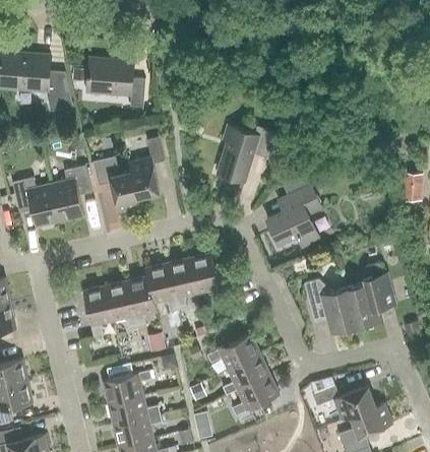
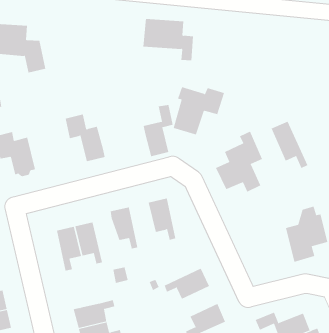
building: [86,59,145,108] -> [143,19,194,61]
building: [129,138,165,198] -> [143,105,174,157]
building: none -> [271,121,308,169]
building: [51,166,91,221] -> none
building: [168,259,197,311] -> none
building: [126,277,157,328] -> none
building: [304,280,357,334] -> none
building: [223,356,269,395] -> none

